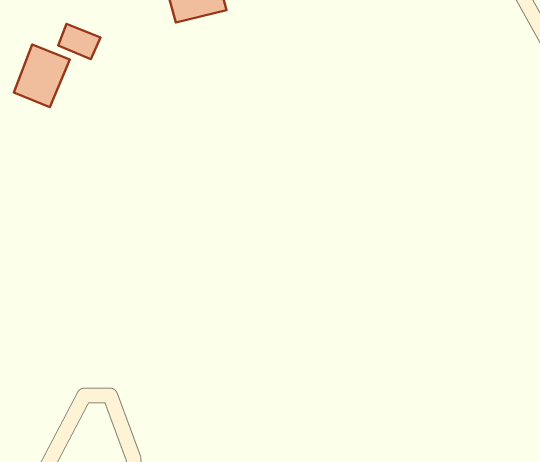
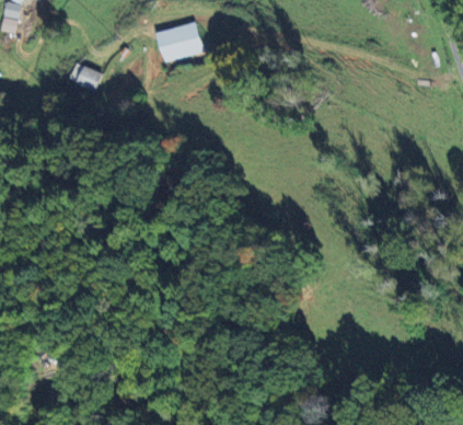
building: [14,44,70,107] -> none

